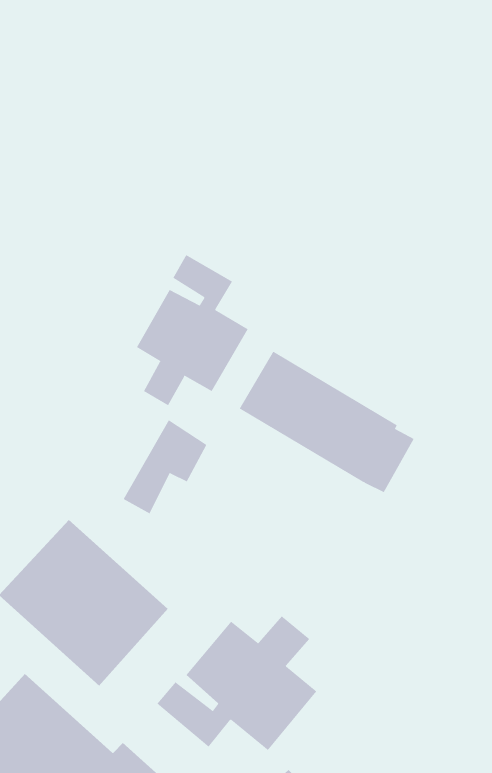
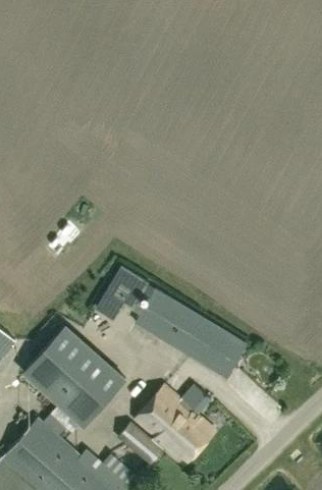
building: [136,254,248,406] -> none
building: [239,351,414,493] -> [135,287,240,373]

